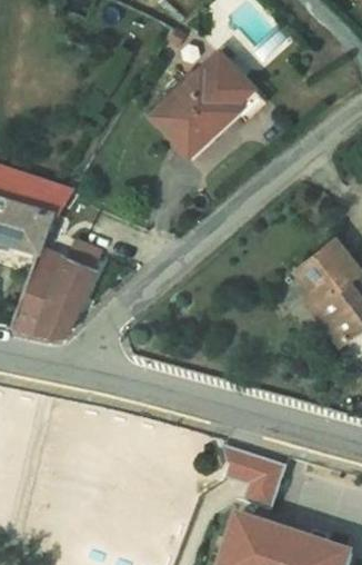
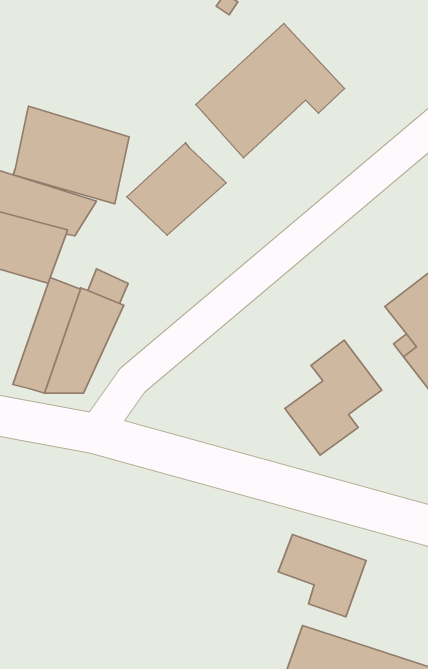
building: none -> [13,106,129,204]
building: none -> [127,143,226,235]
building: none -> [285,340,382,455]

